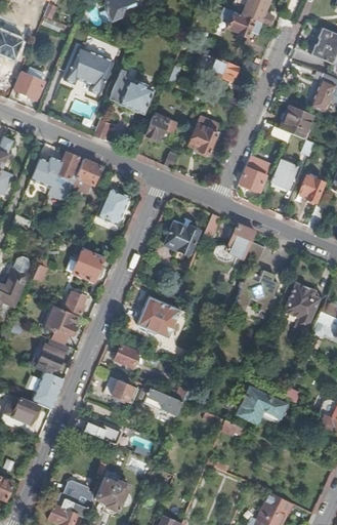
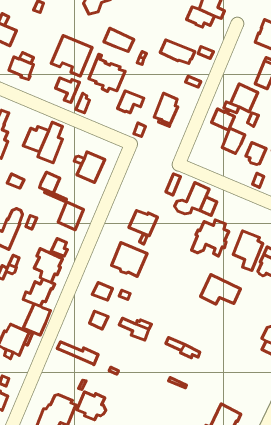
building: none -> [104,28,134,51]
building: [76,159,100,185] -> [40,172,60,193]
building: [239,166,266,192] -> [211,109,234,130]
building: [164,223,199,253] -> [129,210,158,236]
building: [237,387,285,422] -> [201,275,241,304]

